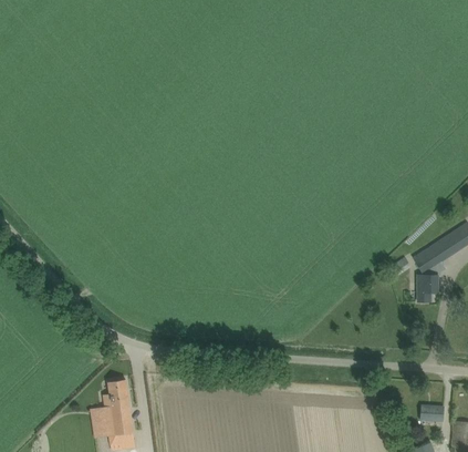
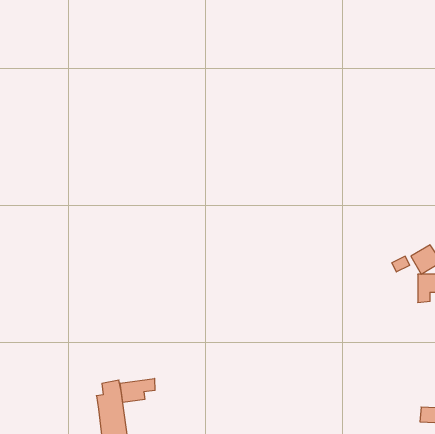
building: none -> [120,378,155,402]

